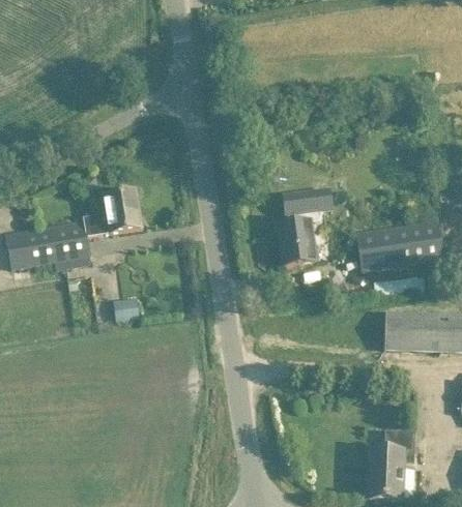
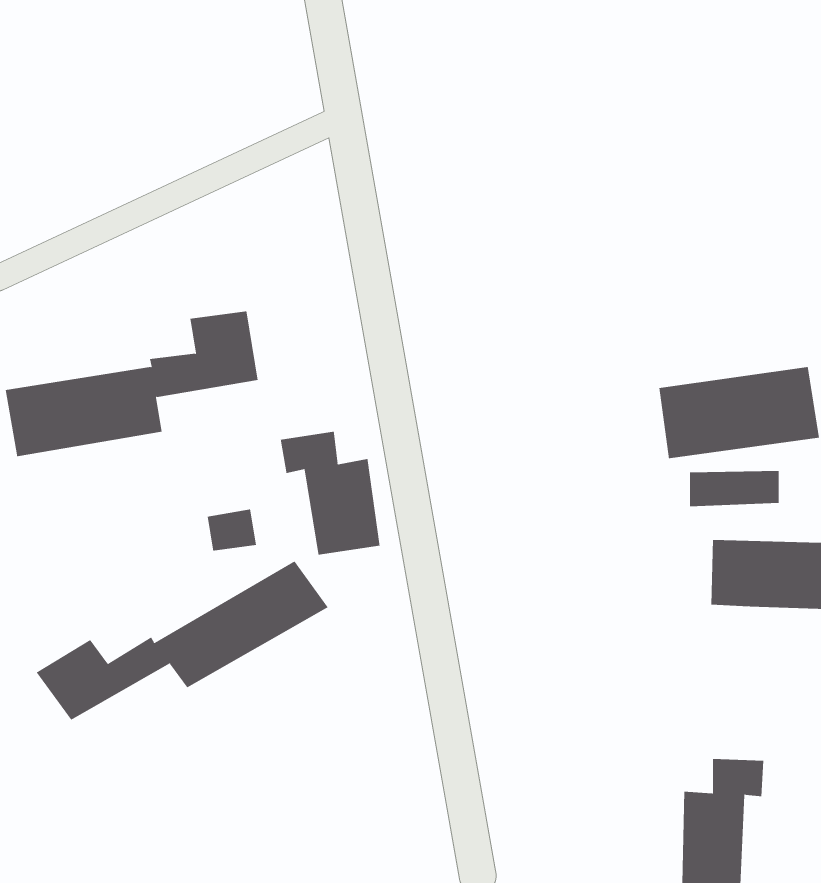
building: [278,190,333,267] -> none
building: none -> [280,431,380,556]
building: none -> [36,560,329,720]

